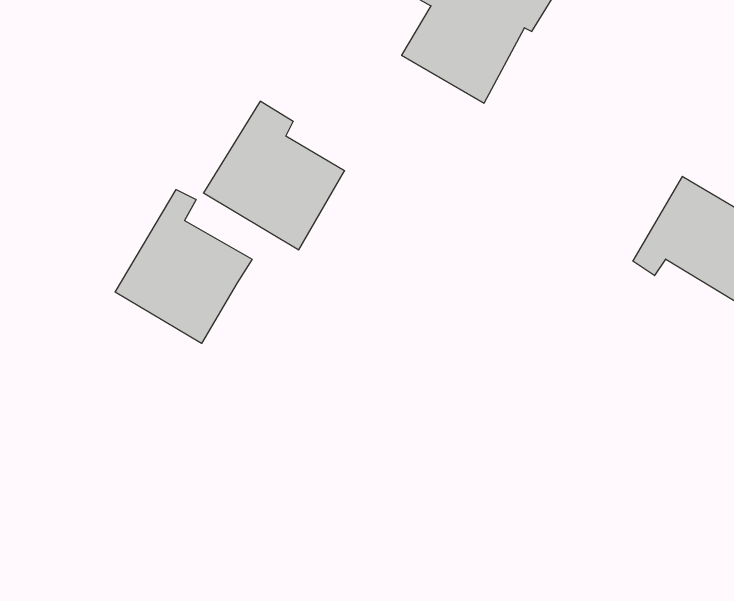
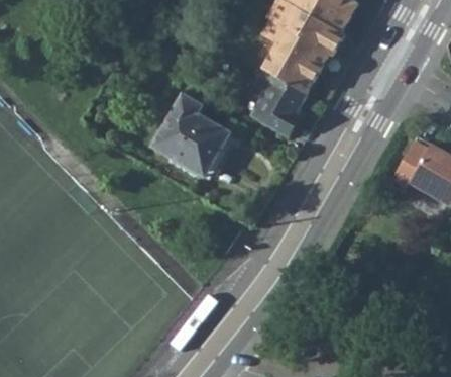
building: none -> [248,69,307,135]
building: [115,190,252,343] -> none

